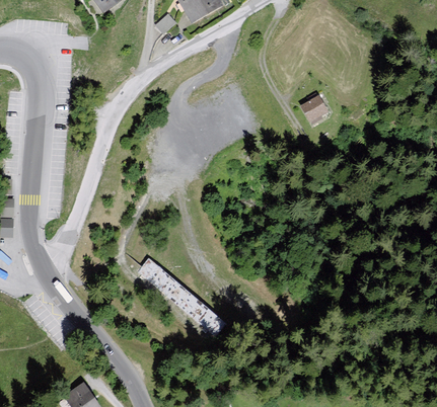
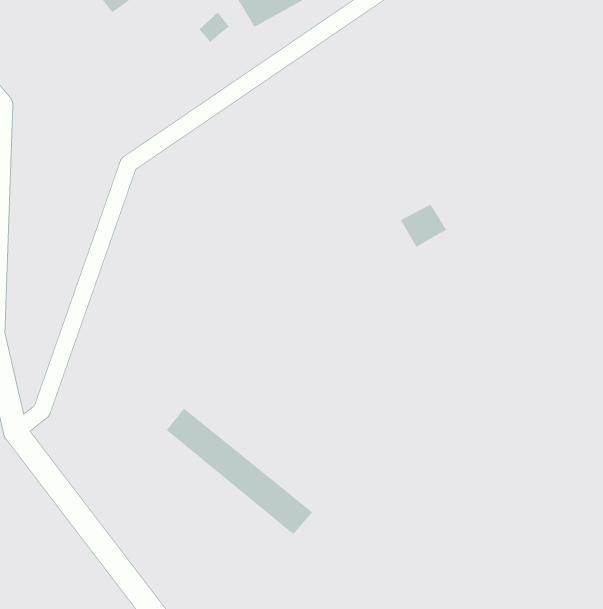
building: [302,94,332,121] -> [400,204,447,248]

